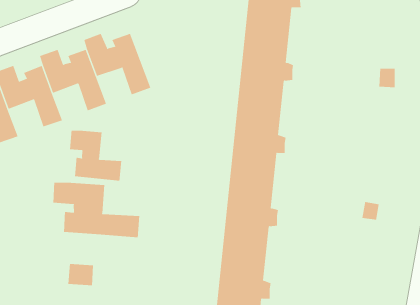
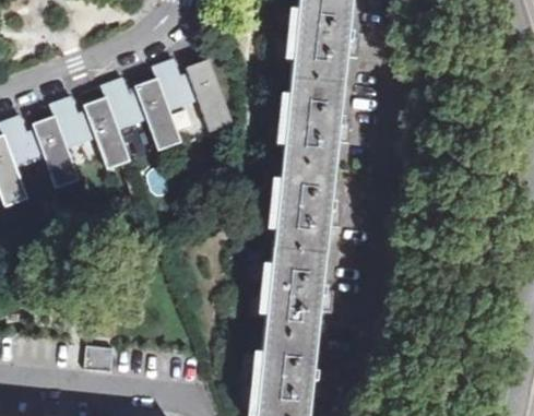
building: none -> [153,58,234,130]
building: [69,130,122,182] -> none
building: [53,182,140,238] -> none

